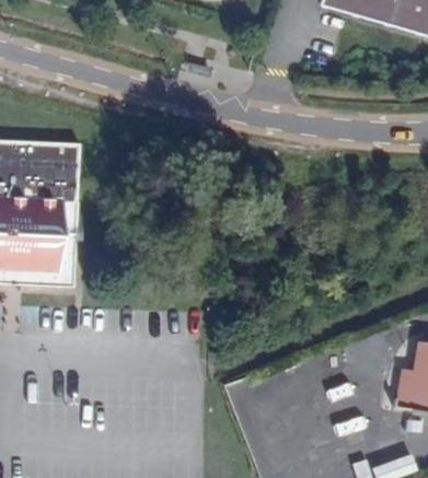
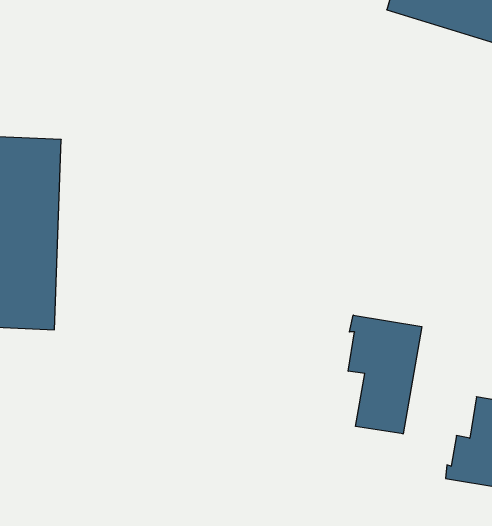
building: none -> [348,315,422,434]

